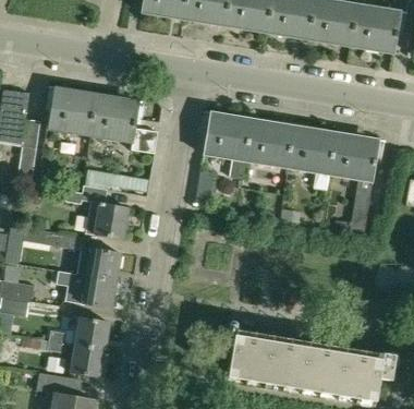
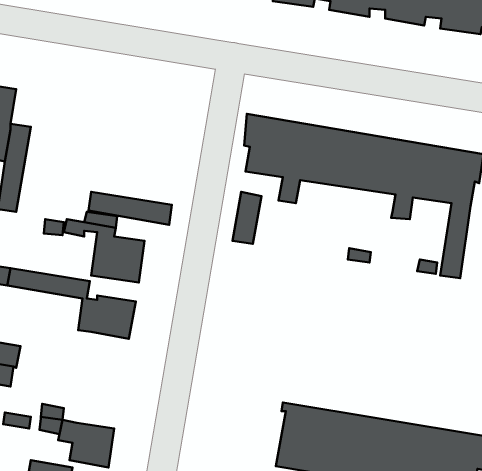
building: [45,85,158,153] -> none
building: [57,270,115,308] -> none
building: [76,316,109,348] -> none

